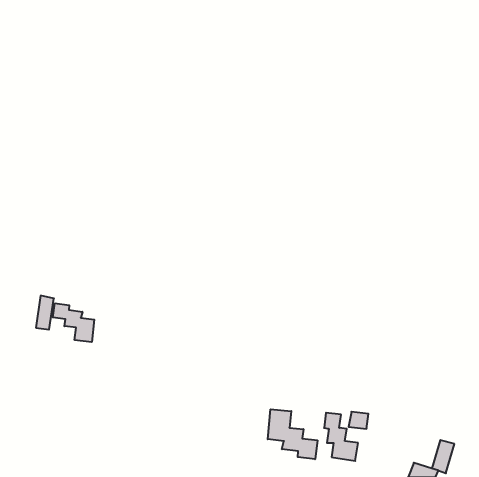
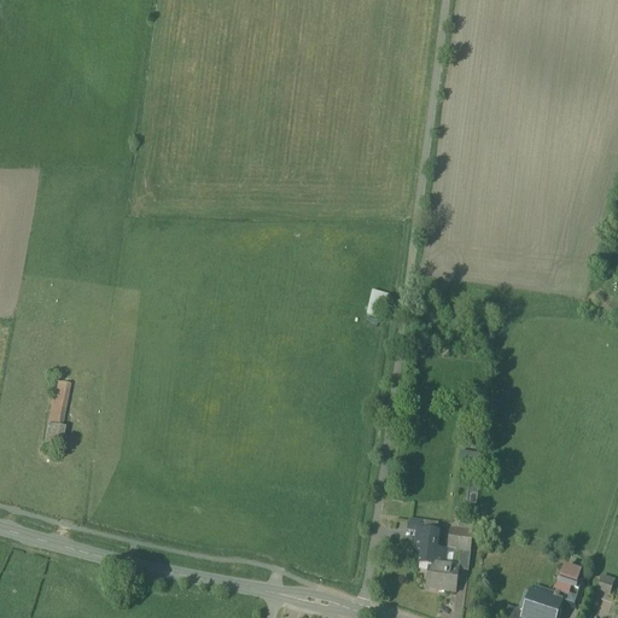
building: [53,303,94,342] -> none
building: [268,409,317,459] -> none

